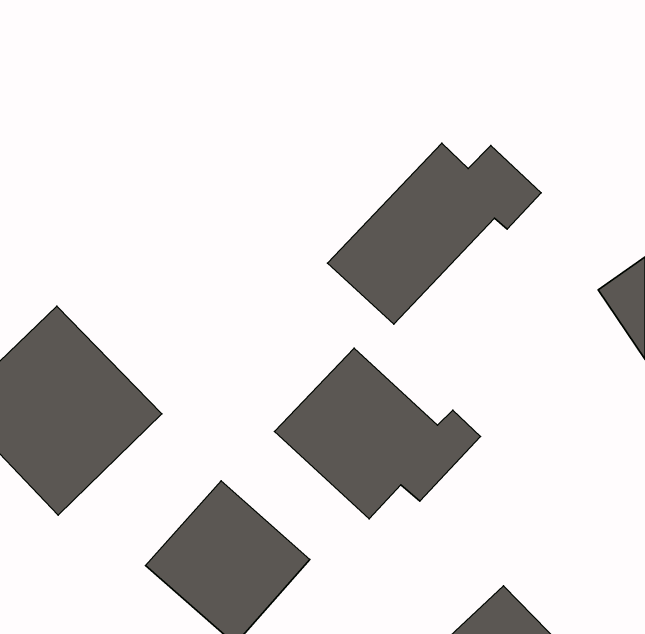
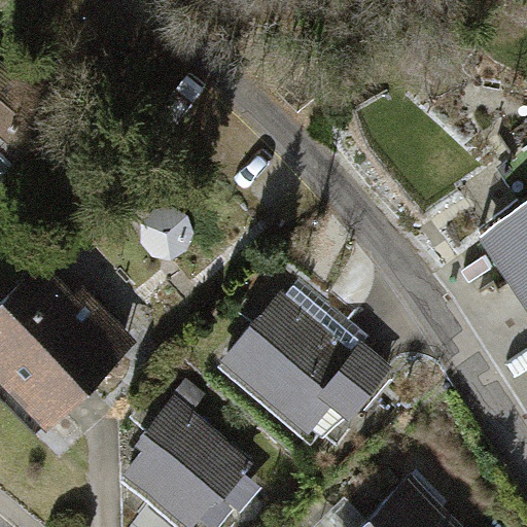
building: [327,143,541,324] -> none

